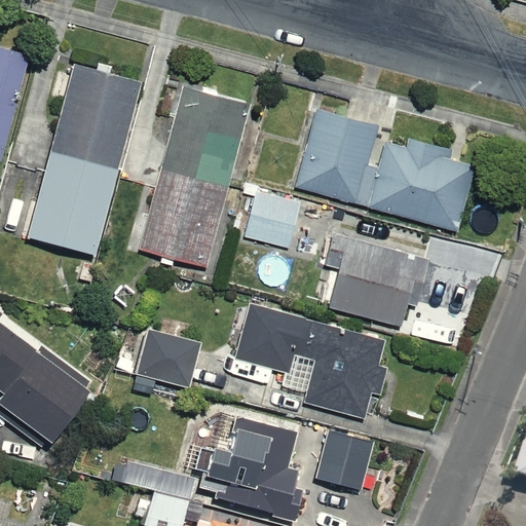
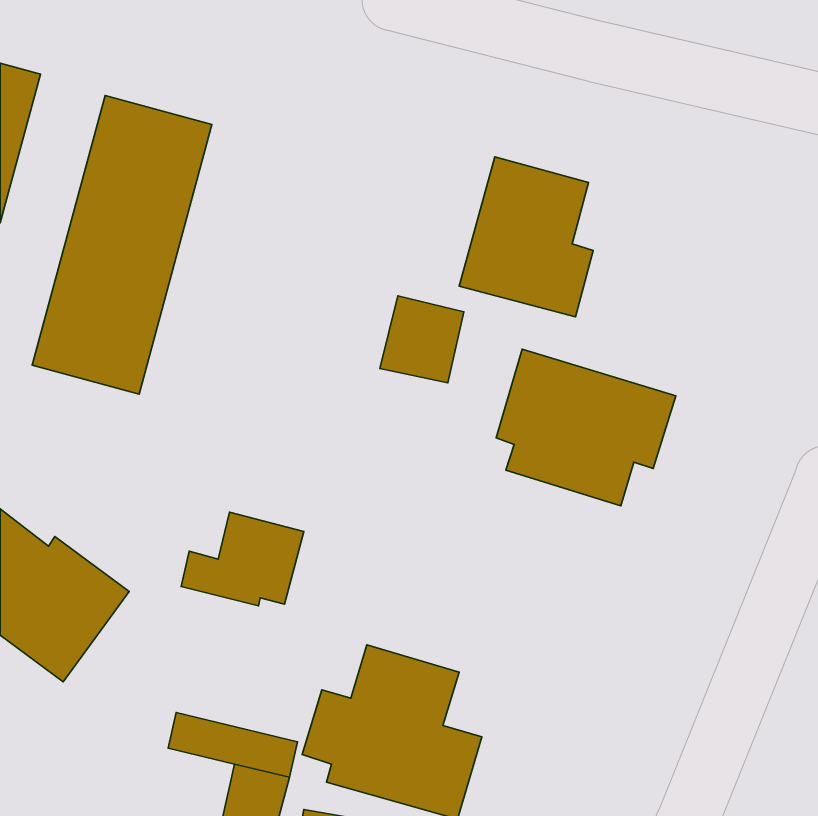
building: [138,85,251,268] -> none
building: [371,133,466,232] -> none
building: [234,298,386,420] -> none
building: [316,437,378,493] -> none

